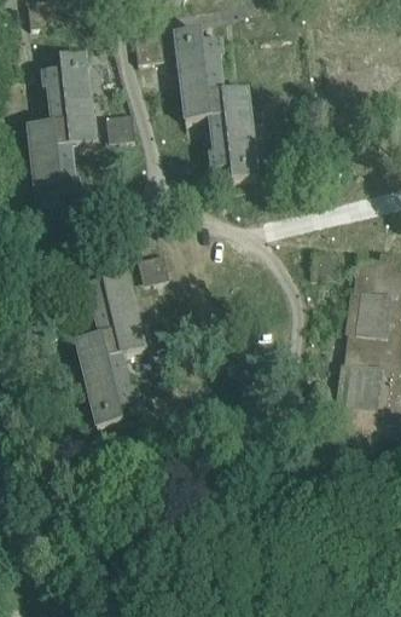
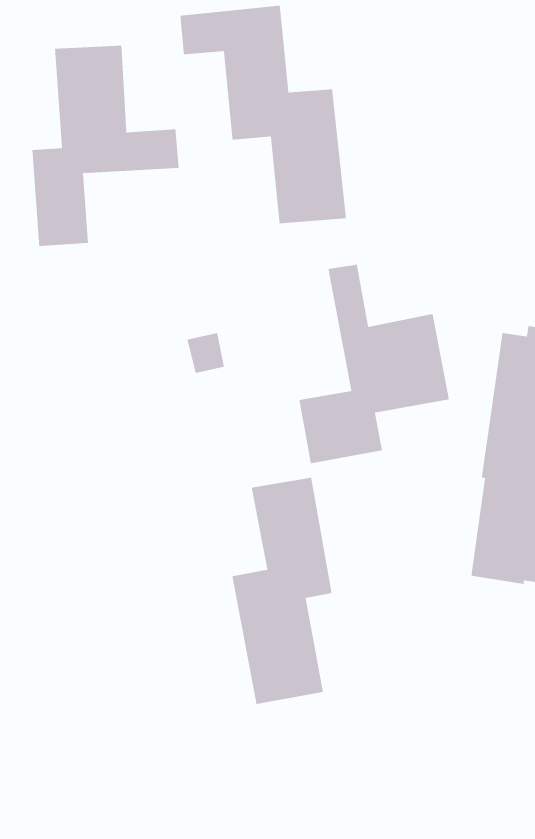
building: none -> [299,264,450,464]
building: [71,269,141,427] -> [232,477,333,705]

